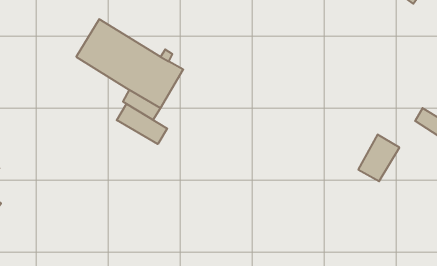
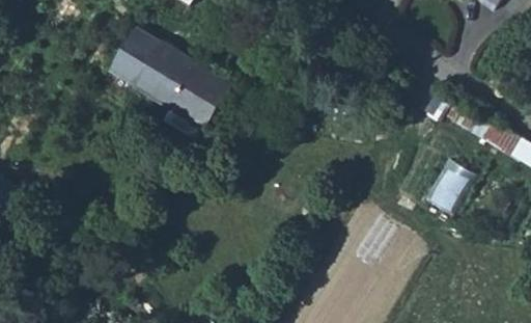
building: [117,104,167,144] -> none

